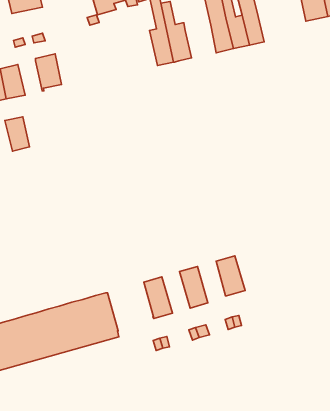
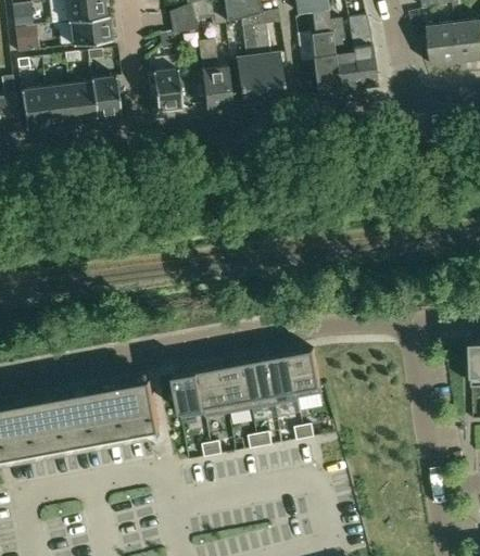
building: none -> [66,16,111,46]
building: none -> [198,40,231,108]
building: none -> [152,68,181,111]
building: [5,117,29,151] -> [67,83,94,124]
building: none -> [266,354,300,405]
building: none -> [220,363,252,414]
building: none -> [173,371,205,420]

